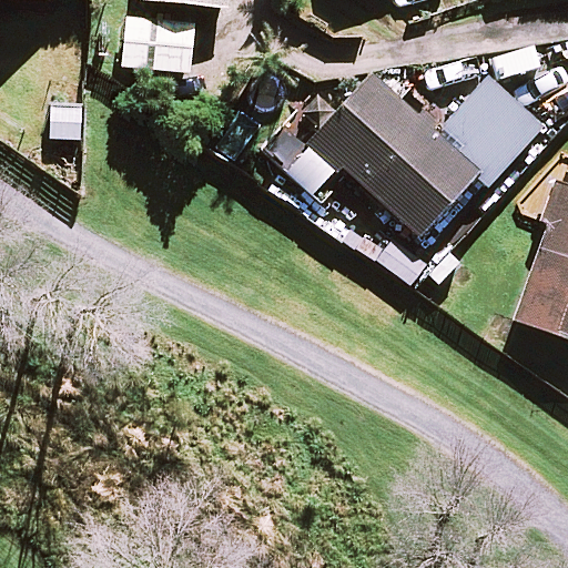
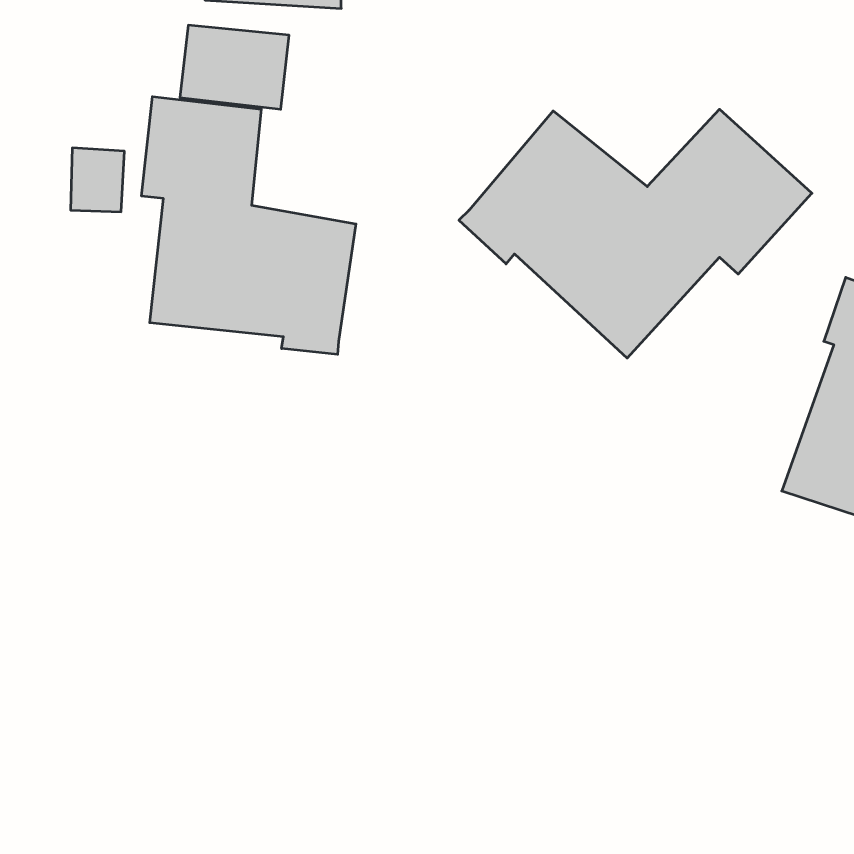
building: none -> [142,97,356,354]

